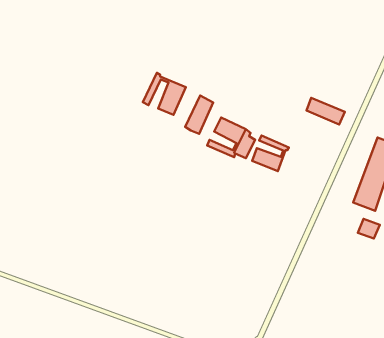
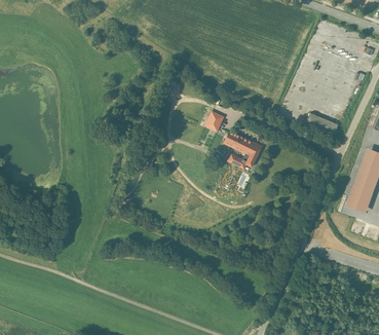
building: [143,73,186,115] -> none
building: [252,136,289,171] -> none

